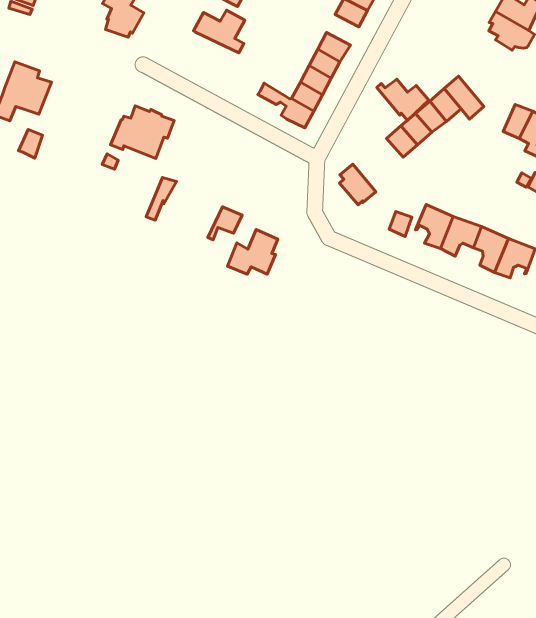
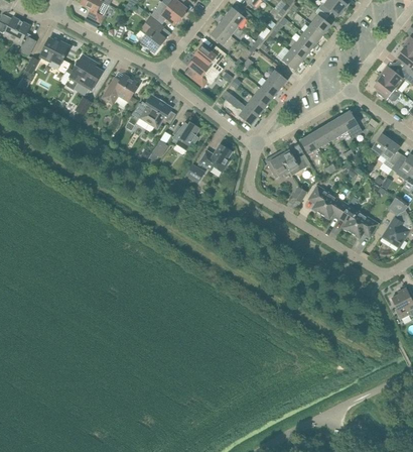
building: none -> [187,55,219,87]
building: [377,79,429,120] -> [276,149,306,176]
building: none -> [101,74,136,104]
building: none -> [170,121,198,149]
building: [228,230,278,274] -> [198,143,232,172]

